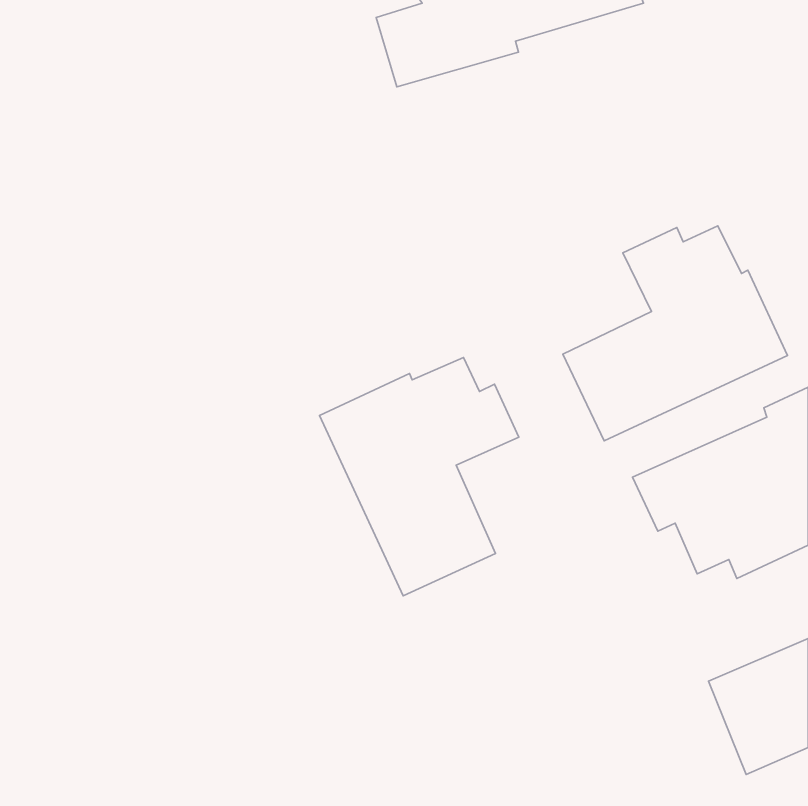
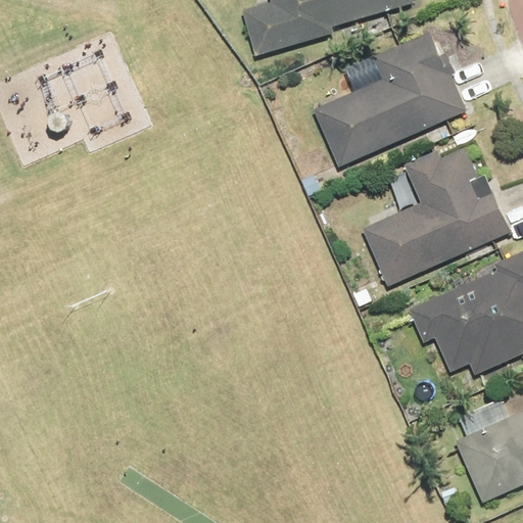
building: none -> [317,34,466,163]
building: [319,358,519,596] -> none

